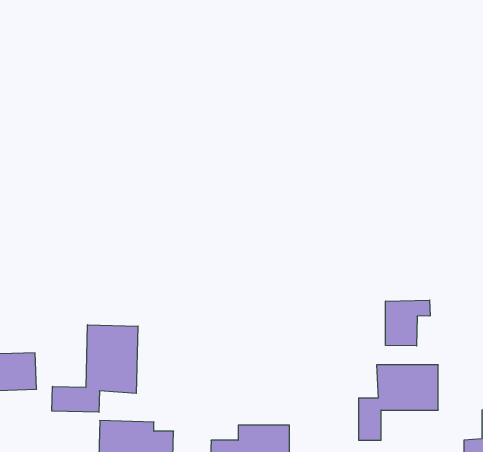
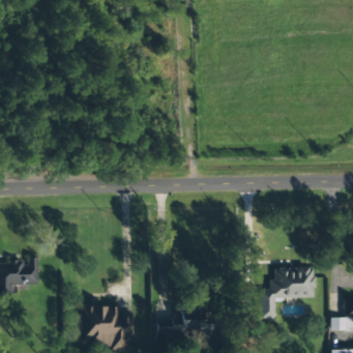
building: [386,300,430,346] -> none
building: [52,325,138,412] -> none

